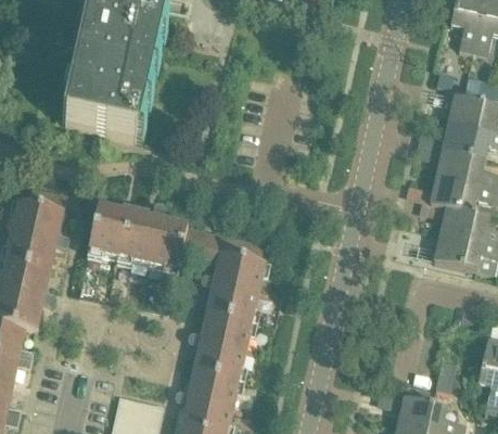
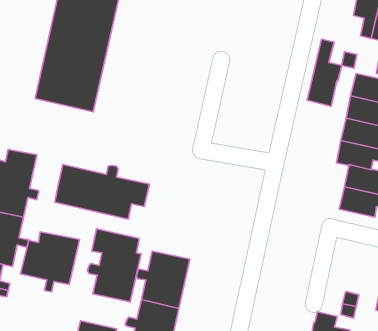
building: none -> [307,39,342,106]
building: [200,232,265,321] -> [87,229,141,302]
building: none -> [21,232,79,292]

